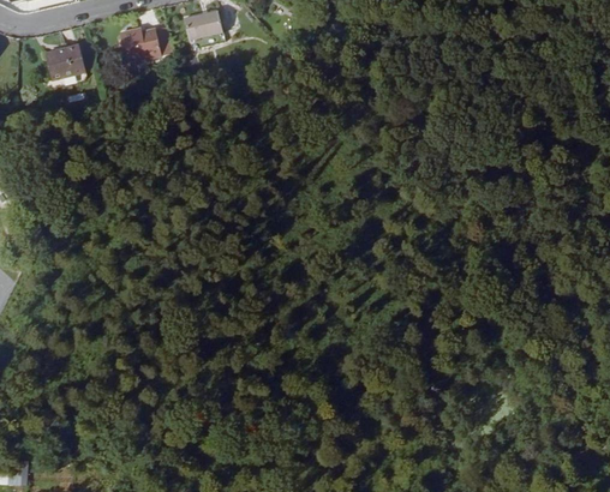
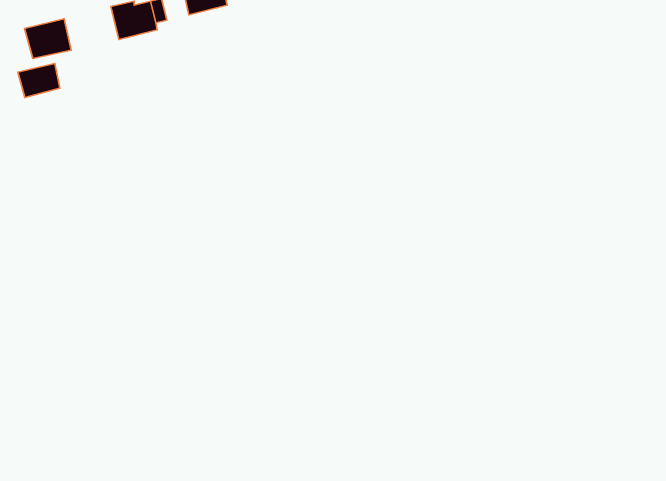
building: none -> [18,63,60,98]

